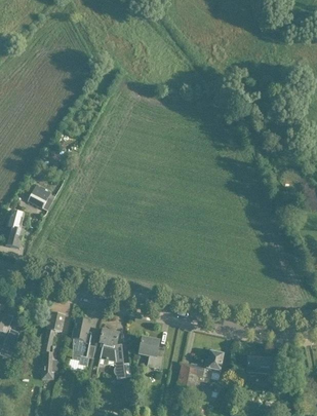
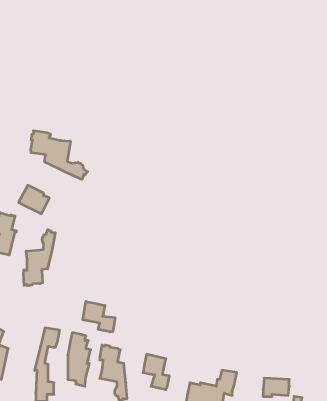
building: none -> [31,131,88,179]
building: none -> [23,230,55,286]
building: none -> [83,301,115,332]

